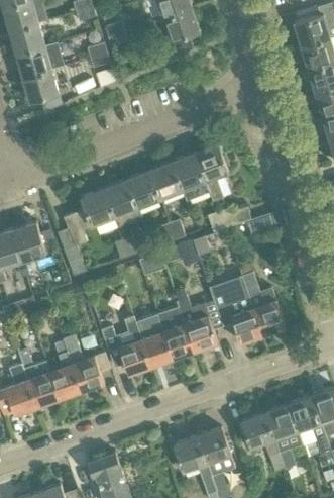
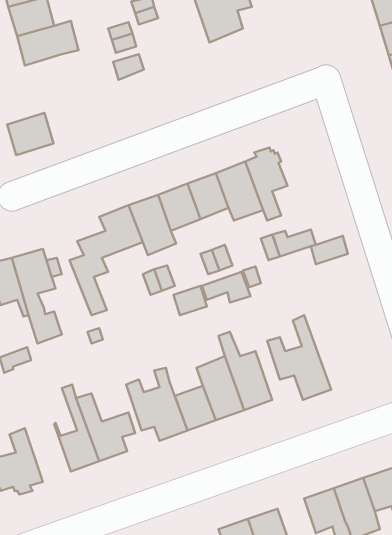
building: [22,70,59,103] -> [7,113,53,155]
building: [240,266,286,334] -> none
building: [17,348,59,407] -> none

